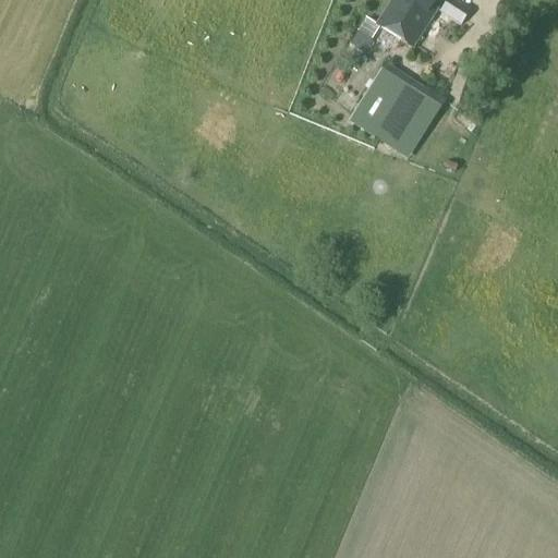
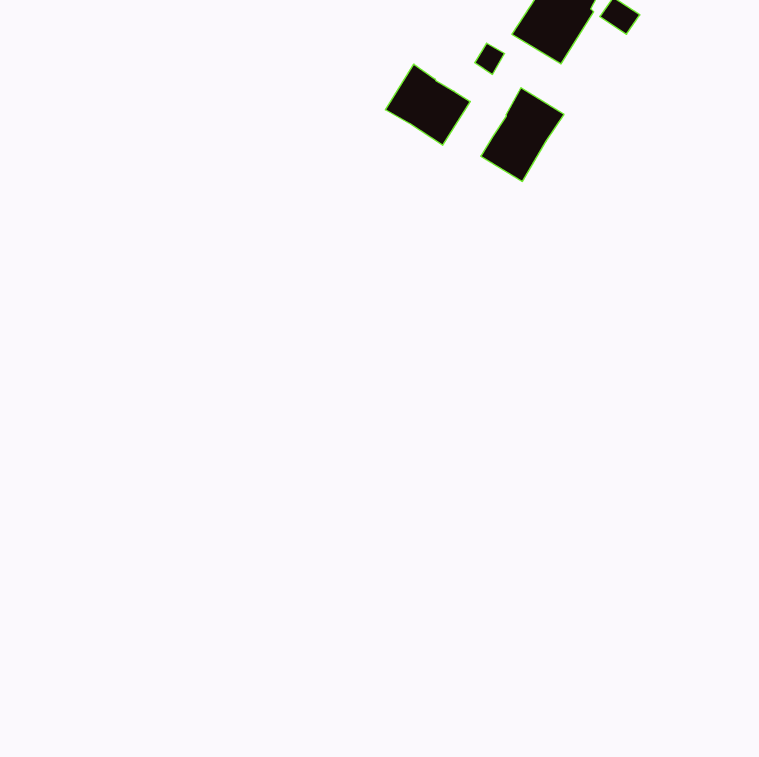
building: none -> [385,64,470,145]
building: [396,88,442,145] -> none

